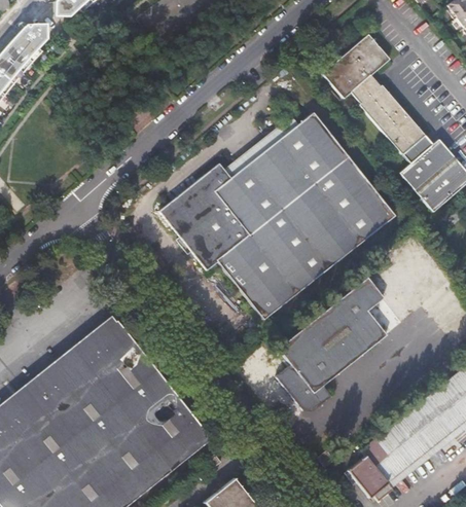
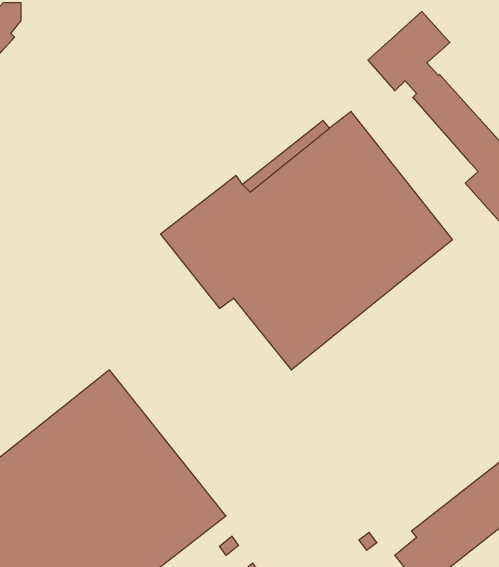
building: [275,278,387,412] -> none

